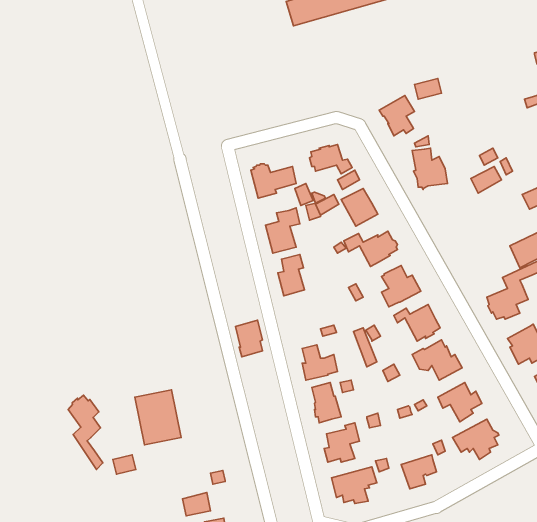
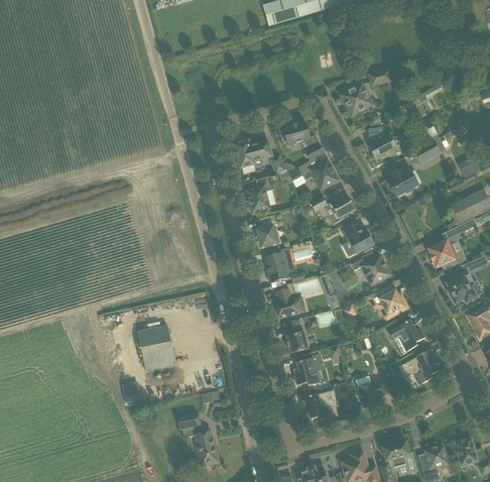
building: none -> [387,166,418,197]
building: [236,320,262,357] -> [265,252,287,282]
building: [68,395,103,470] -> none

